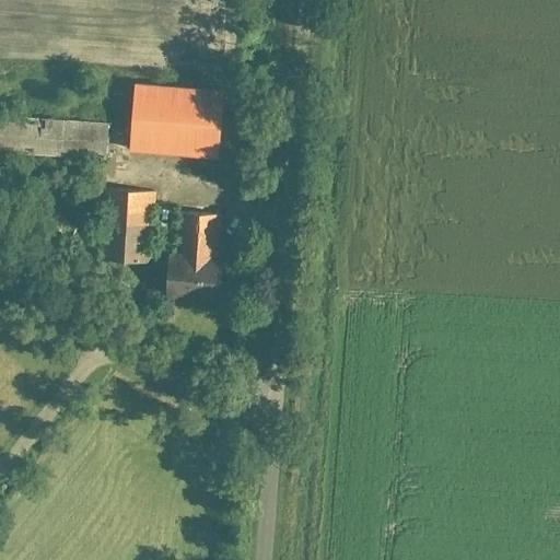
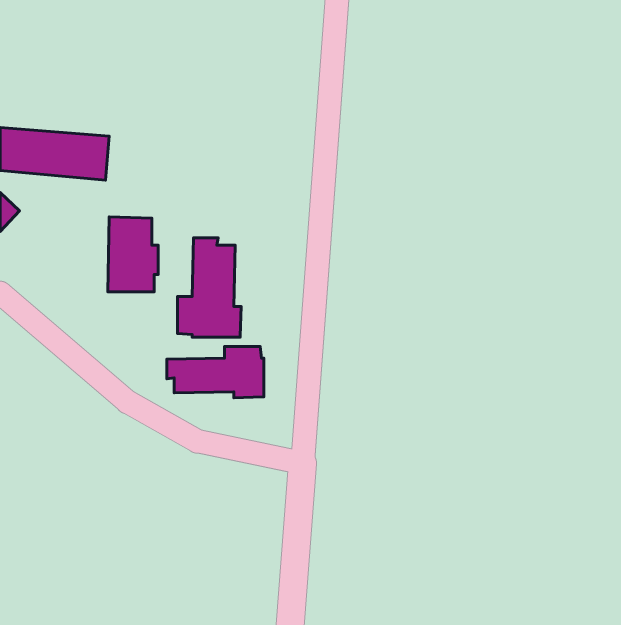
building: [137,86,238,156] -> none
building: none -> [167,346,264,398]

